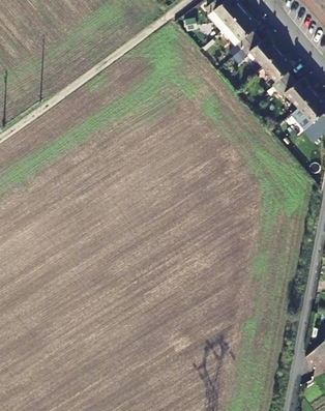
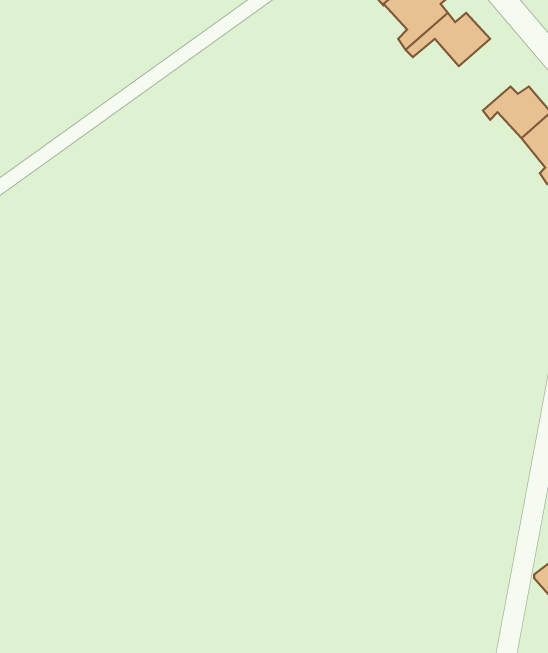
building: [263,53,294,93] -> none

